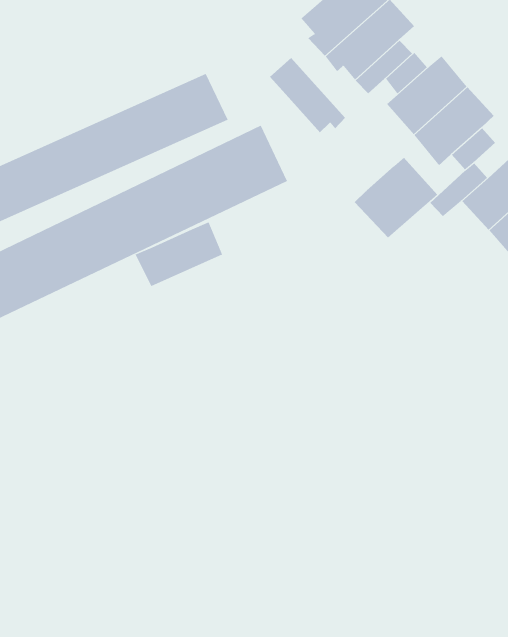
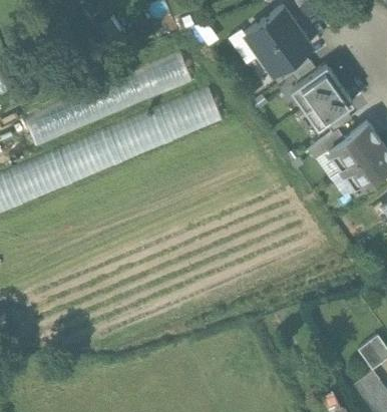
building: [269,57,346,133] -> none
building: [354,157,438,239] -> none
building: [135,222,223,287] -> none

